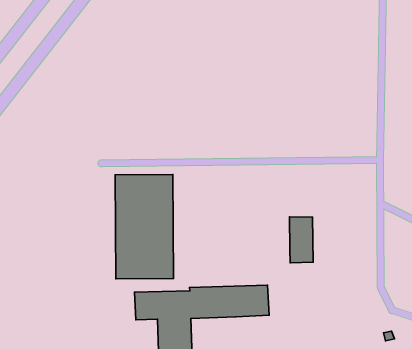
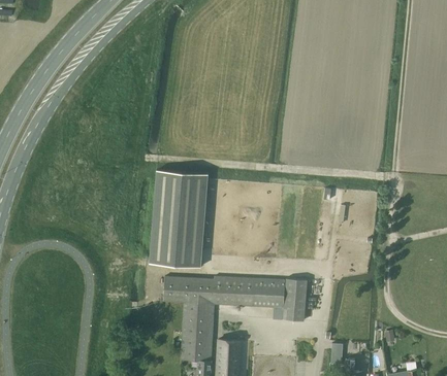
building: [289,217,313,263] -> [283,278,307,320]

